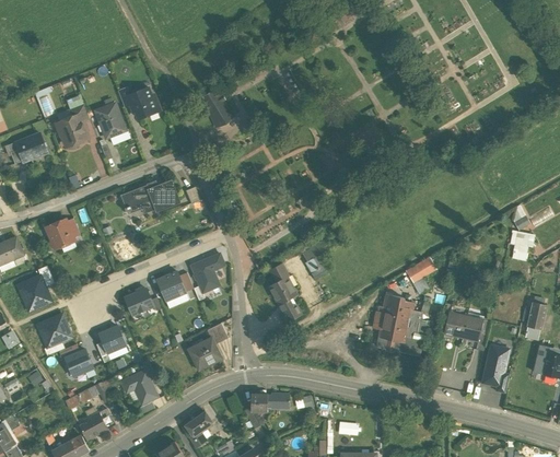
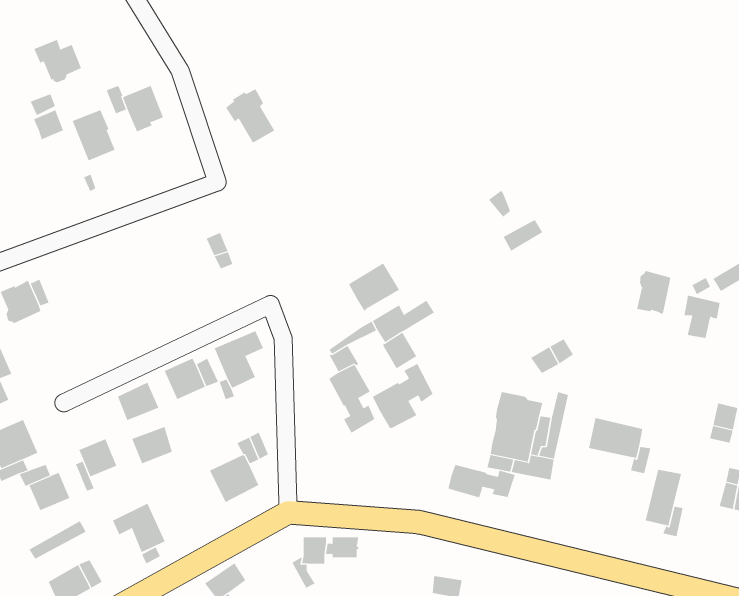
building: [55,118,88,148] -> [33,39,82,83]
building: [121,181,178,212] -> none
building: none -> [348,262,400,312]
building: none -> [637,270,671,314]
building: none -> [372,363,434,429]
building: none -> [132,426,172,464]
building: none -> [448,464,516,498]

